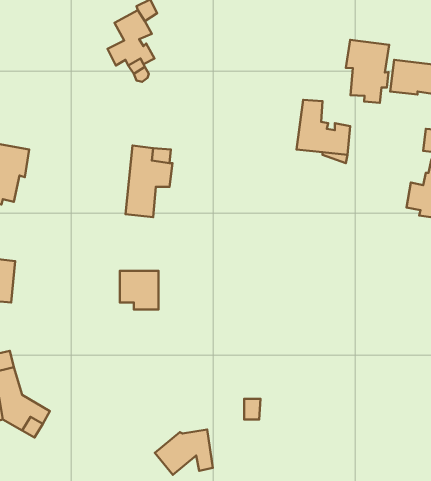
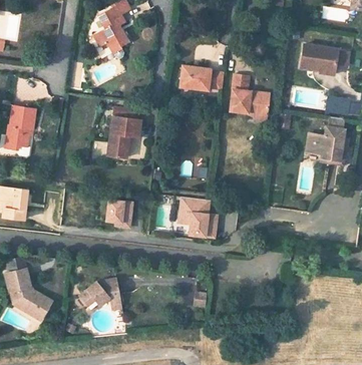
building: [346,40,389,103] -> none
building: none -> [183,64,226,88]
building: none -> [176,196,218,237]
building: [155,429,213,475] -> [80,280,122,313]

